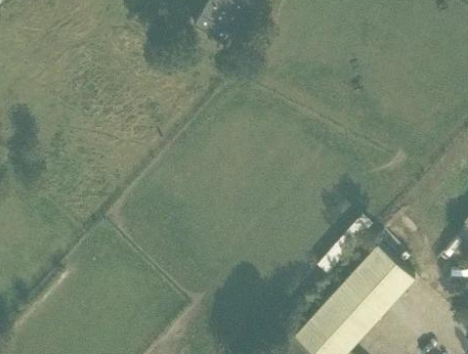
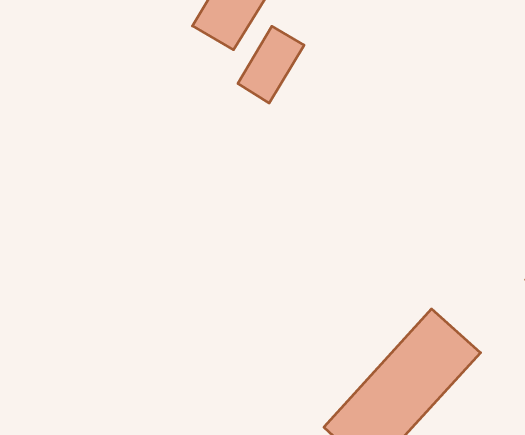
building: none -> [238,26,304,103]

